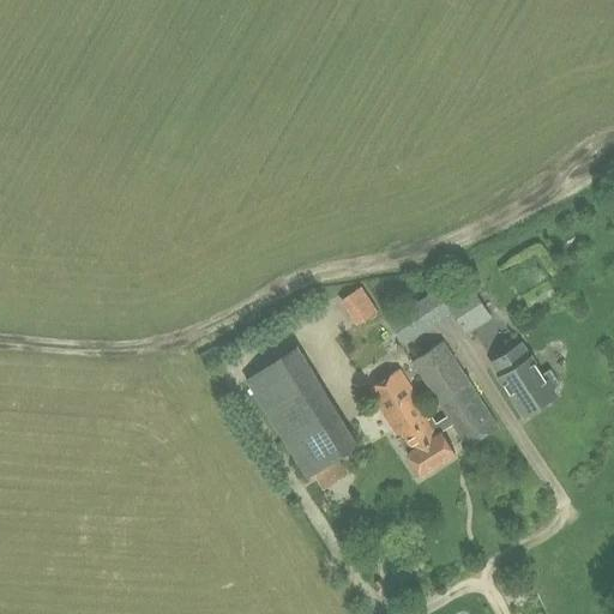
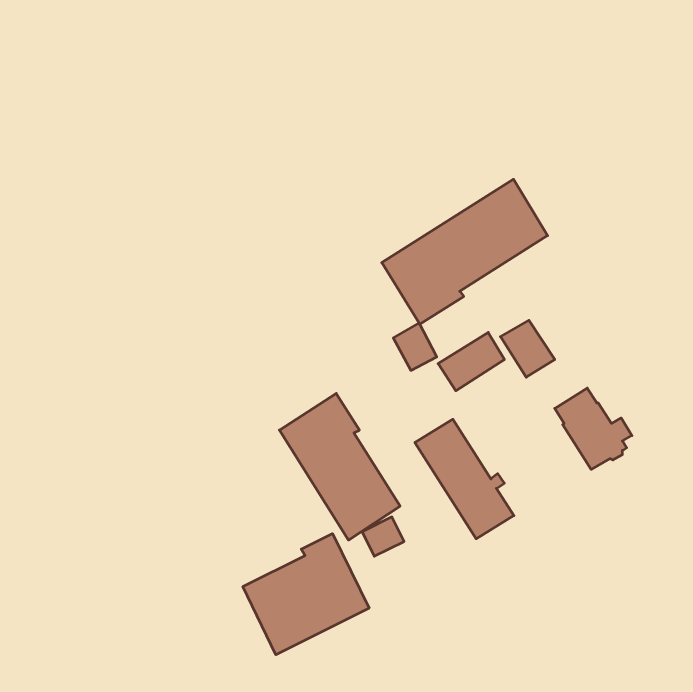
building: none -> [382,179,548,324]
building: [413,341,495,445] -> none
building: none -> [243,534,369,655]

